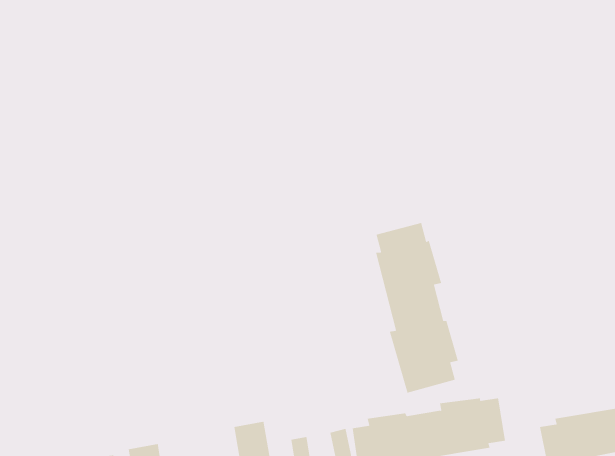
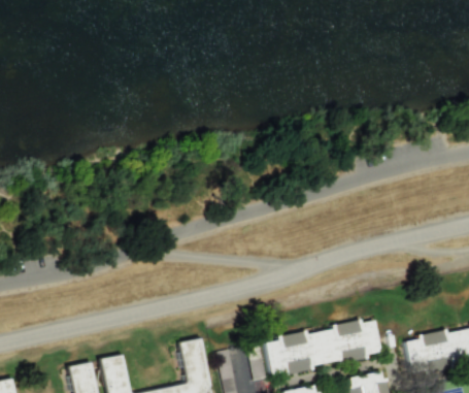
building: [376,222,458,393] -> none

